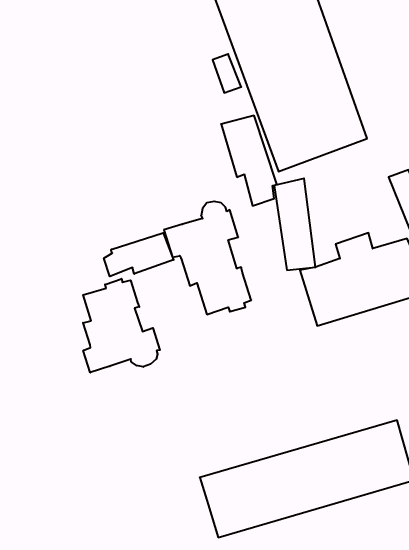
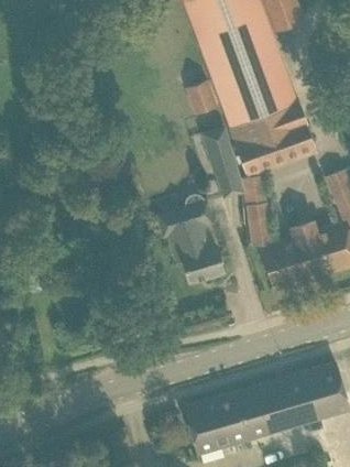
building: [104,233,174,276] -> none
building: [83,279,160,373] -> none

